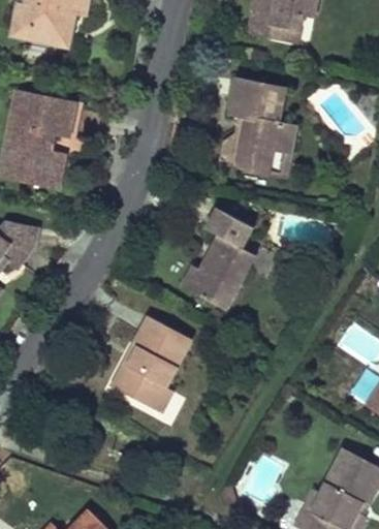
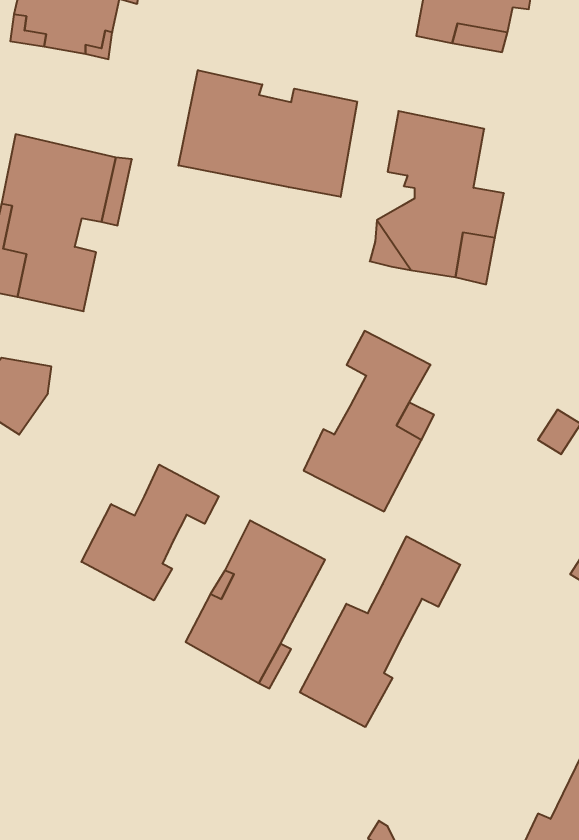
building: none -> [178,70,357,197]
building: none -> [81,465,219,600]
building: none -> [300,536,460,727]

